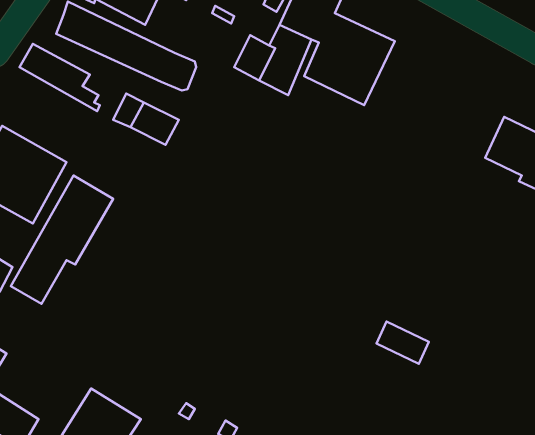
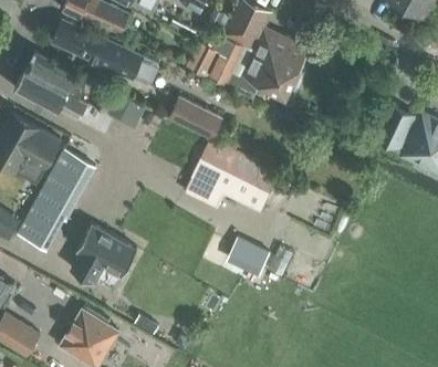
building: none -> [14,69,83,113]
building: none -> [168,97,281,210]
building: none -> [71,224,136,283]
building: [376,322,429,364] -> [229,239,269,271]

